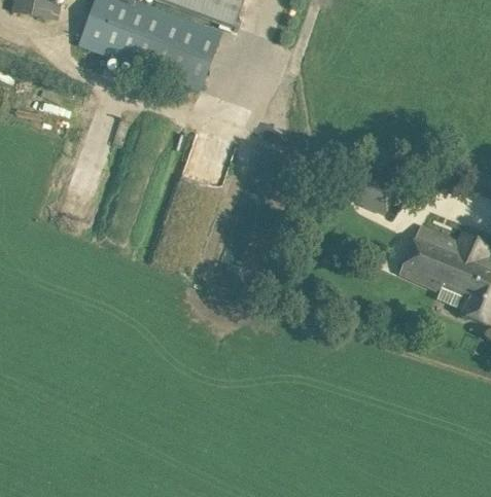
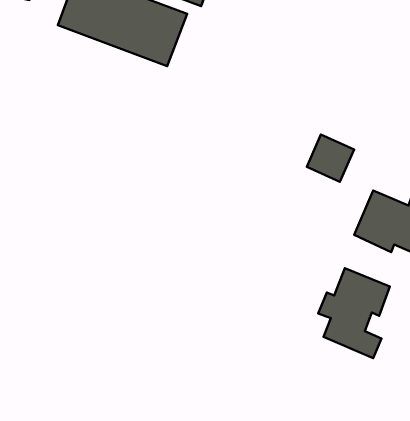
building: none -> [318,268,390,358]

